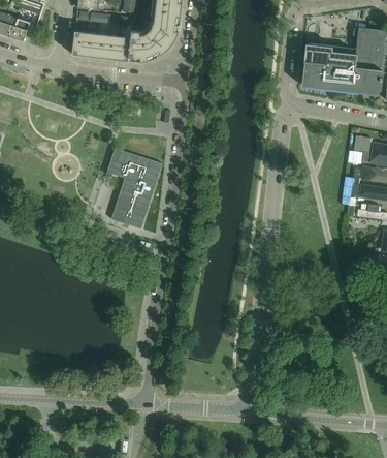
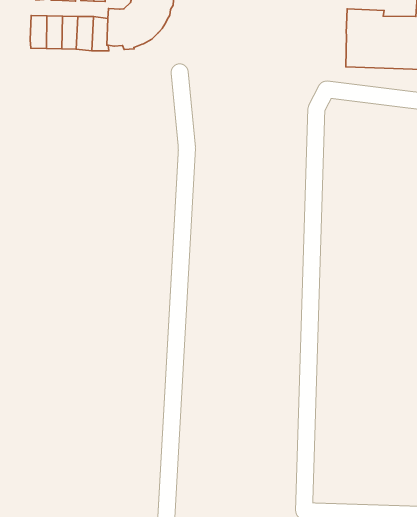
building: [106,148,162,228] -> none

